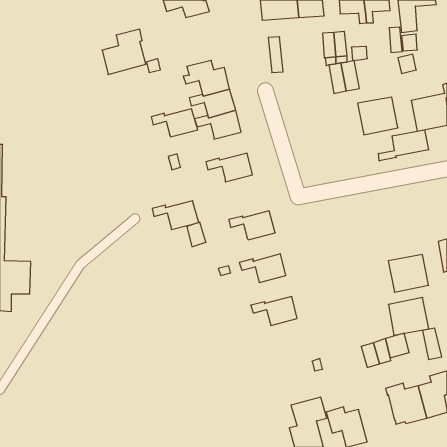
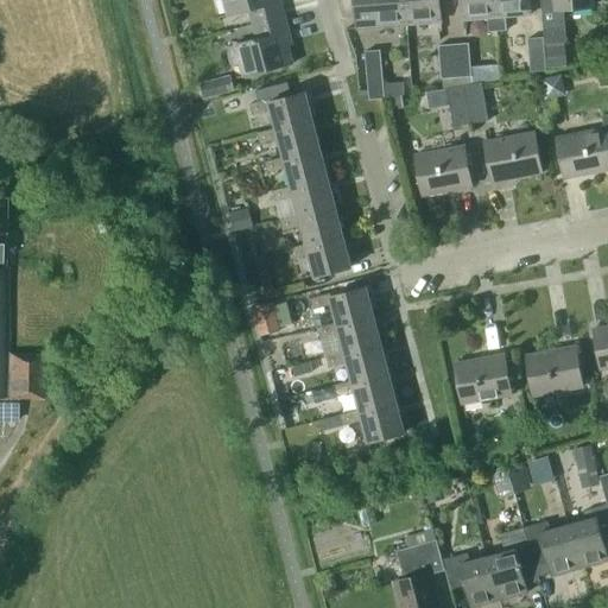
building: [102,29,146,75] -> [233,15,292,77]
building: none -> [414,145,469,196]
building: [151,109,198,137] -> [272,179,335,217]
building: [378,130,429,161] -> none
building: [152,201,199,230] -> [287,238,350,277]
building: none -> [317,316,380,355]
building: none -> [332,374,395,412]
building: [388,297,429,335] -> [455,353,509,404]
building: none -> [486,527,538,600]

